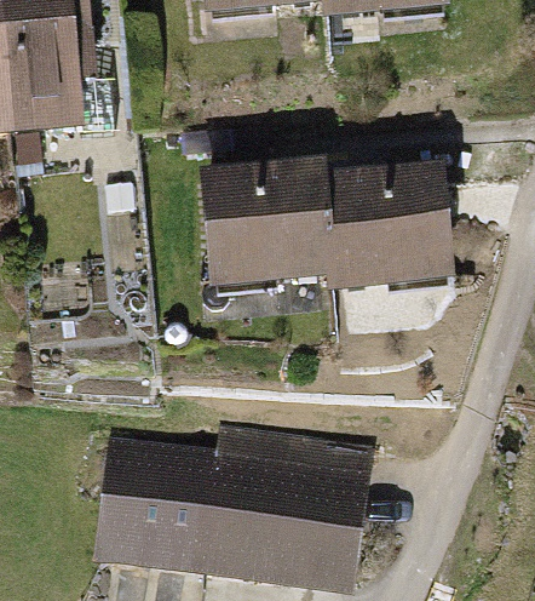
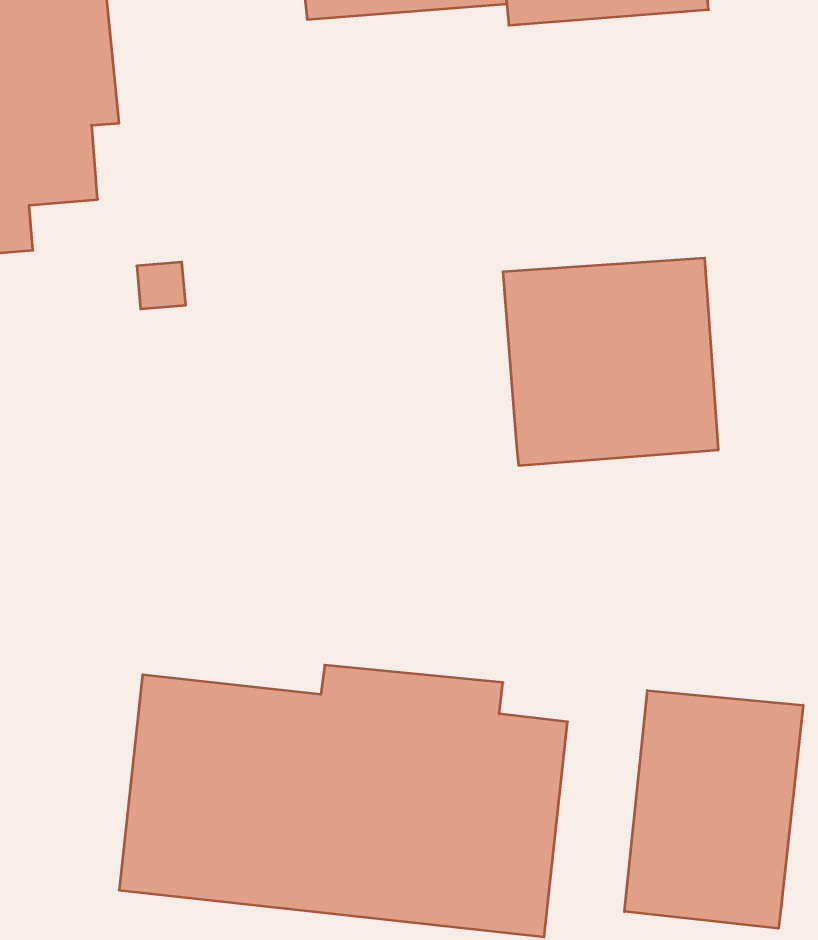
building: [202,171,335,300] -> none
building: none -> [624,690,803,928]

